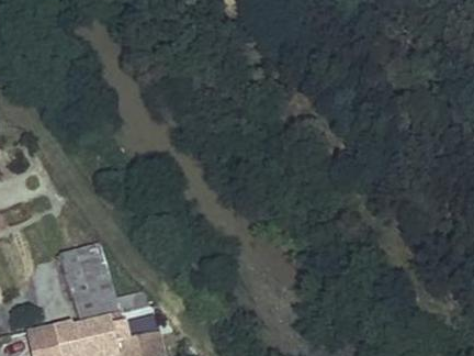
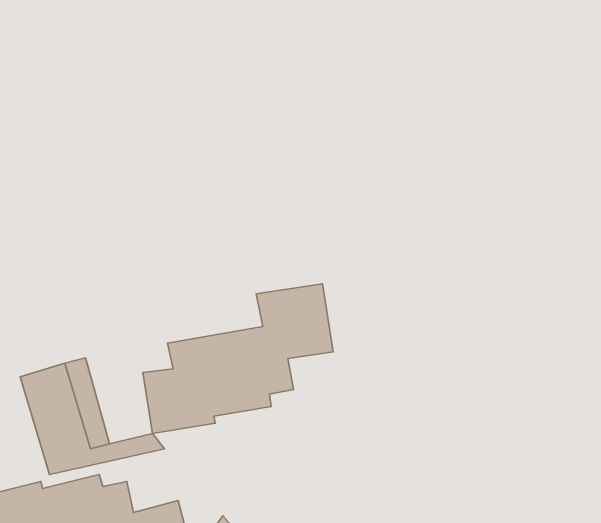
building: none -> [143,284,333,433]

